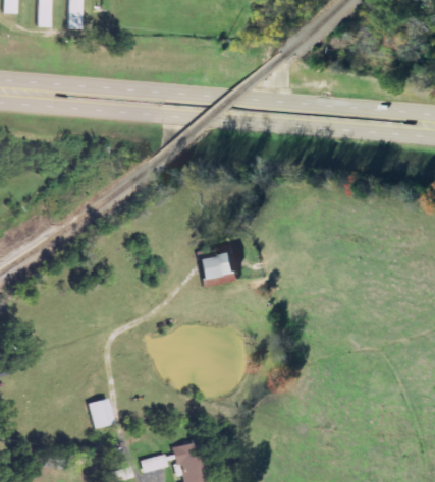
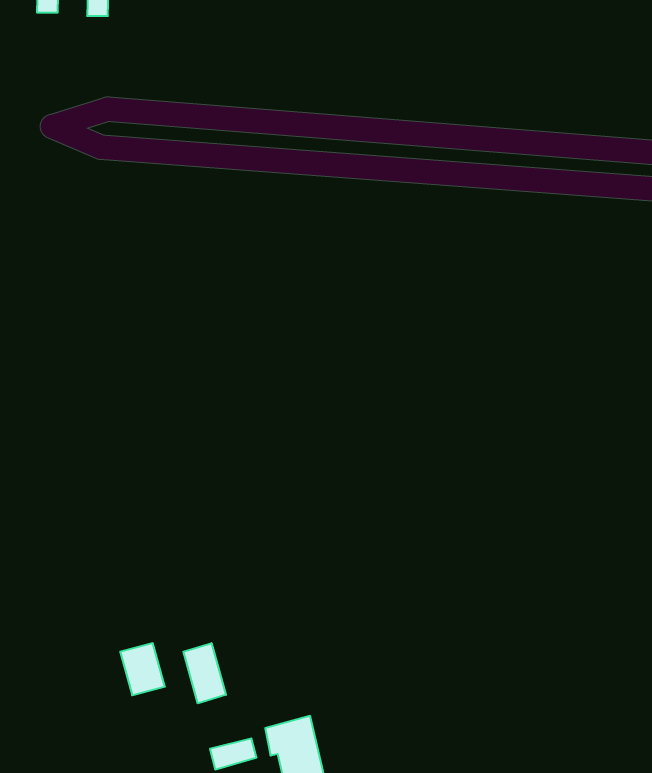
building: [198,251,239,279] -> none
building: none -> [183,643,226,703]

